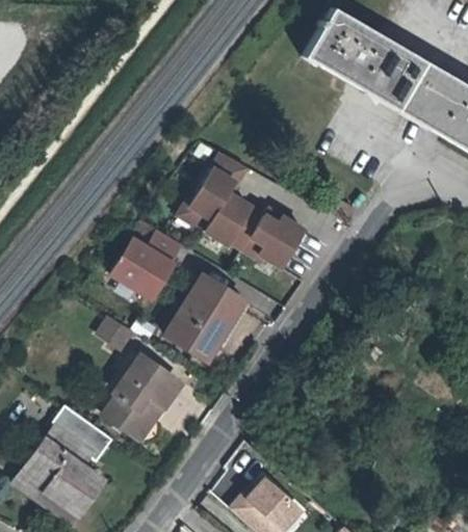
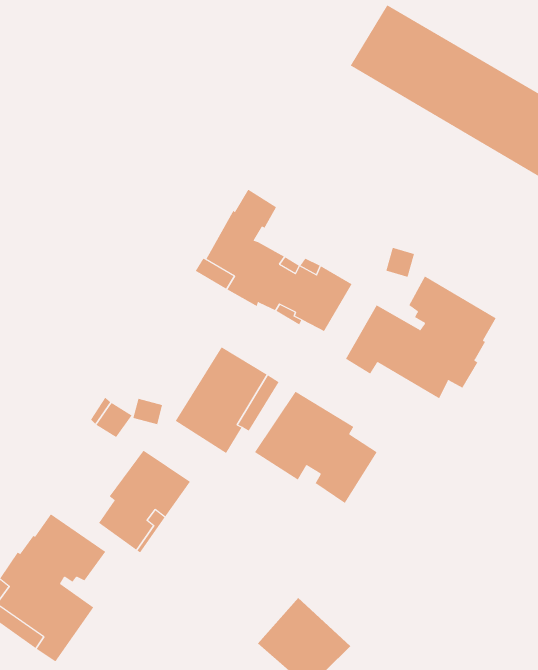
building: none -> [345,276,497,399]
building: [113,221,183,298] -> none
building: none -> [254,391,377,504]

